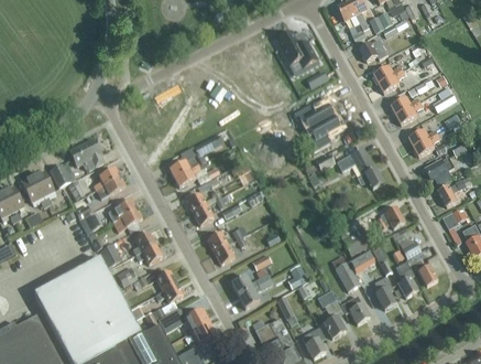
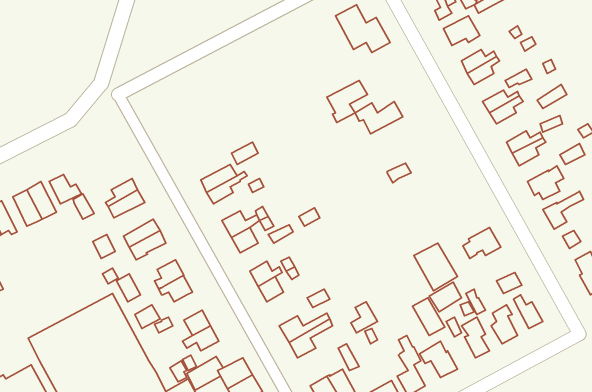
building: [302,118,334,151] -> [327,80,368,122]
building: [68,138,103,169] -> none
building: [336,147,382,189] -> none

